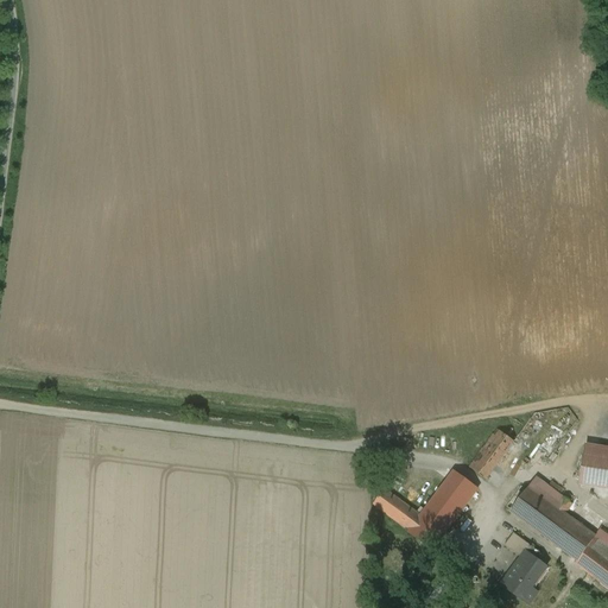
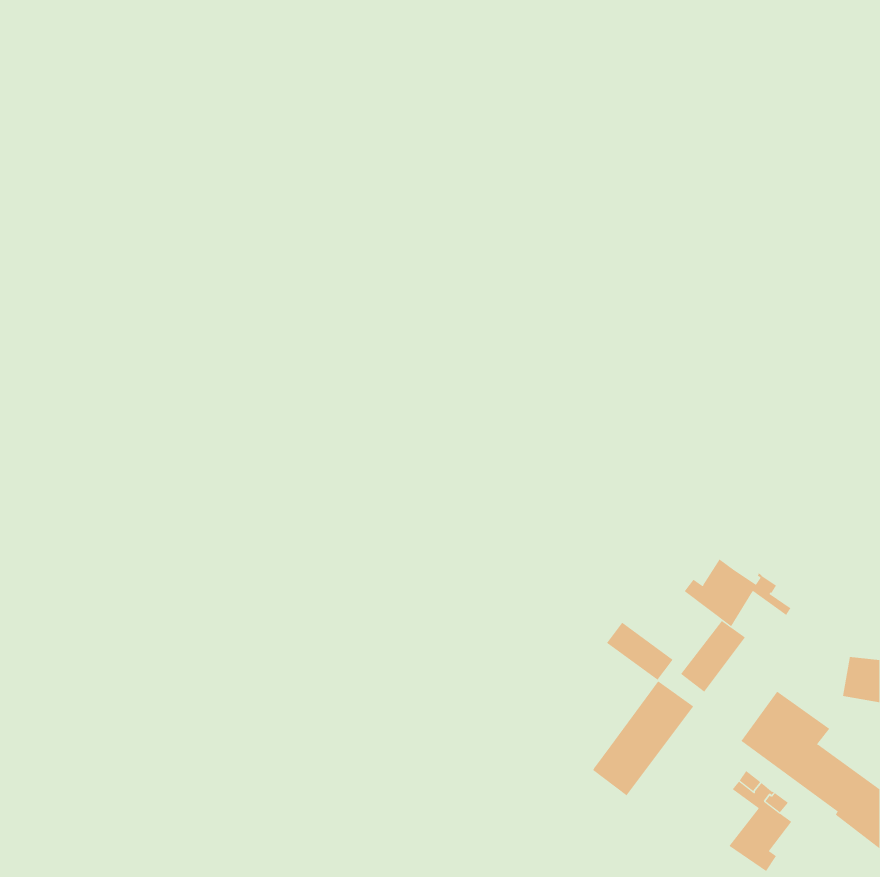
building: none -> [684,558,791,627]
building: [374,488,420,528] -> [606,622,673,681]

